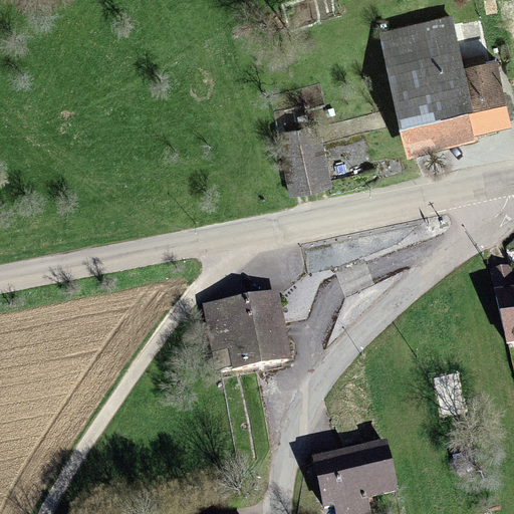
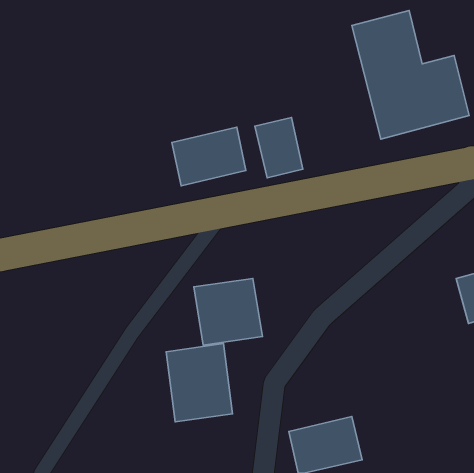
building: none -> [172,127,246,186]
building: none -> [166,343,232,422]

